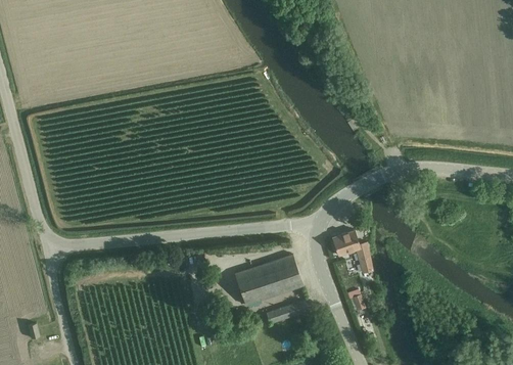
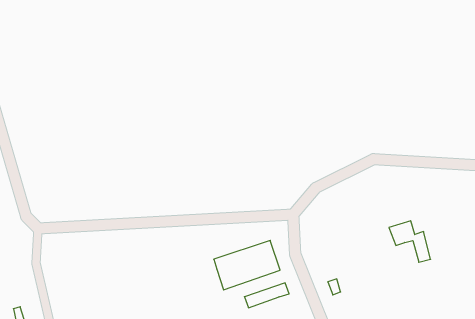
building: [331,230,374,273] -> [389,221,431,262]

